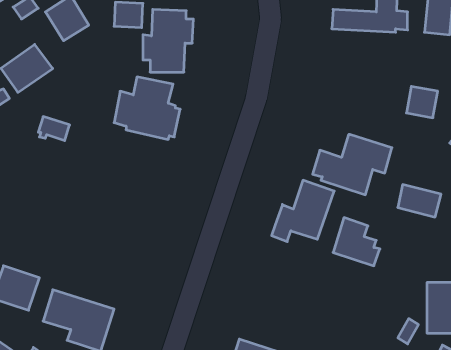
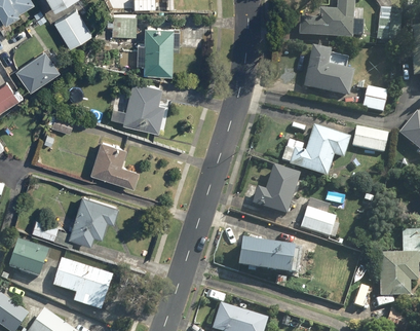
building: none -> [302,46,353,98]
building: none -> [90,139,139,186]
building: [398,185,441,217] -> [350,125,387,153]
building: none -> [31,193,119,245]
building: none -> [237,241,301,277]

